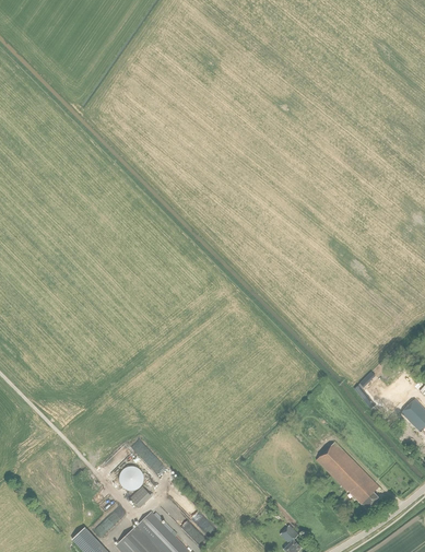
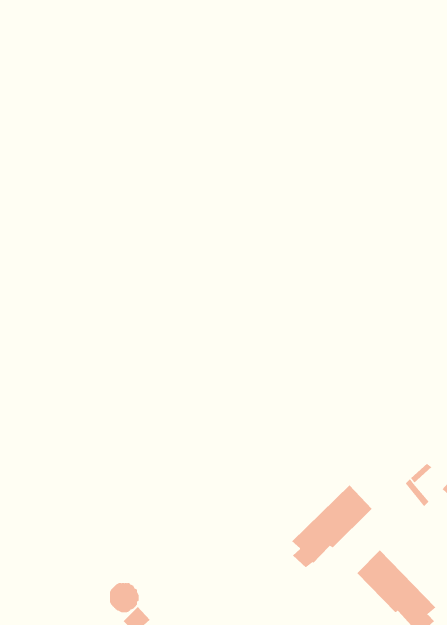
building: none -> [291,485,373,568]

